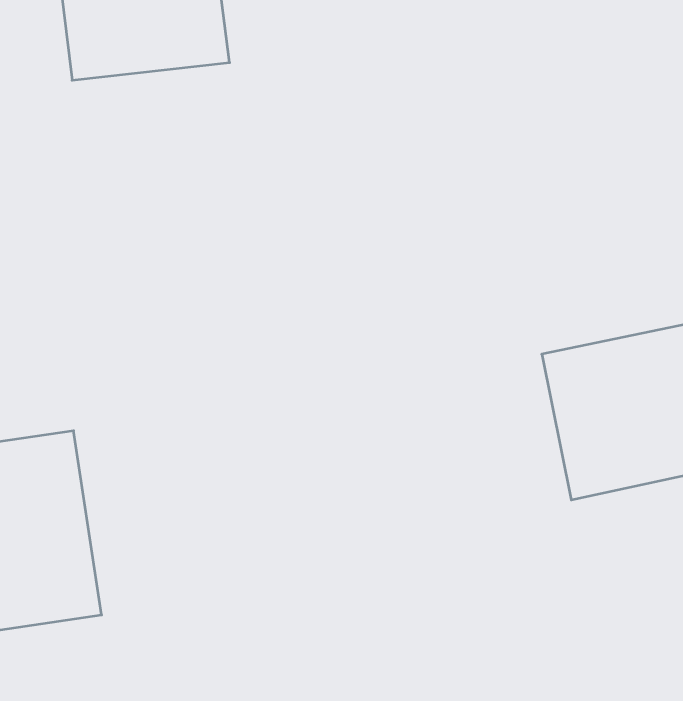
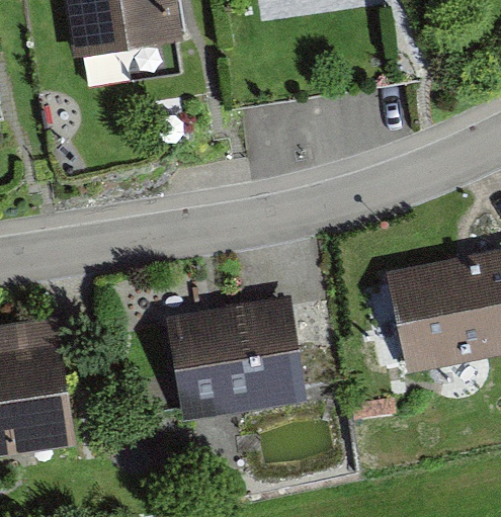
building: none -> [167,299,309,421]

